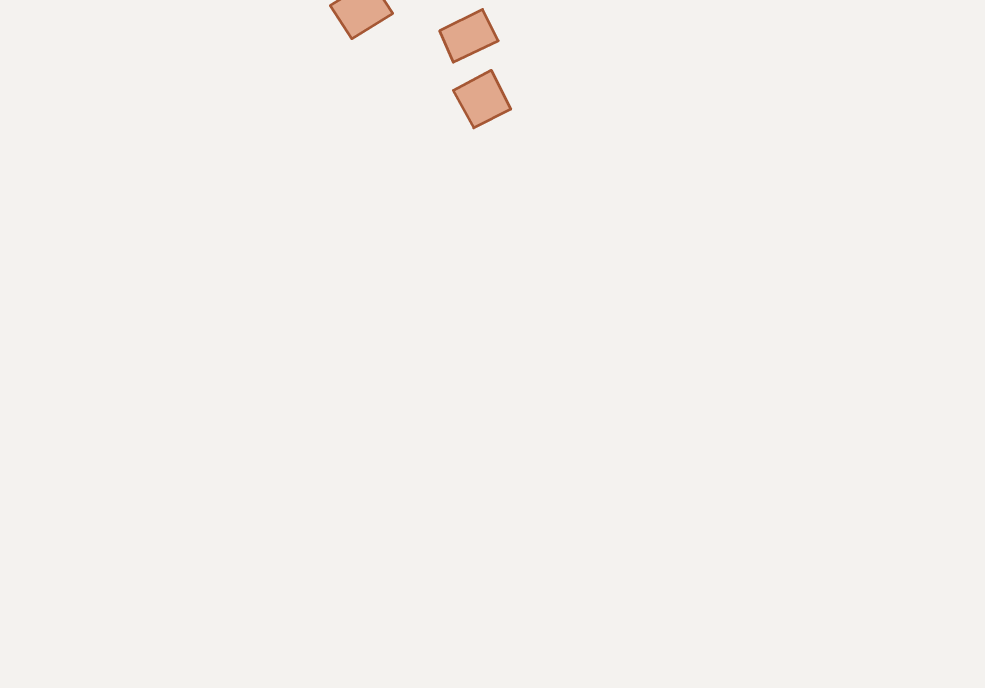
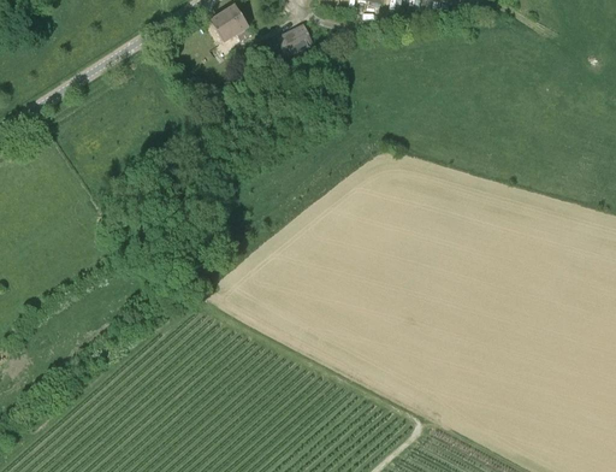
building: [453,70,511,128] -> none

